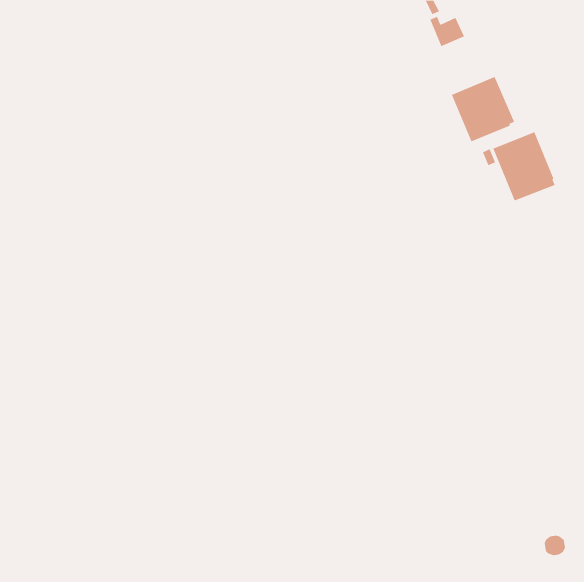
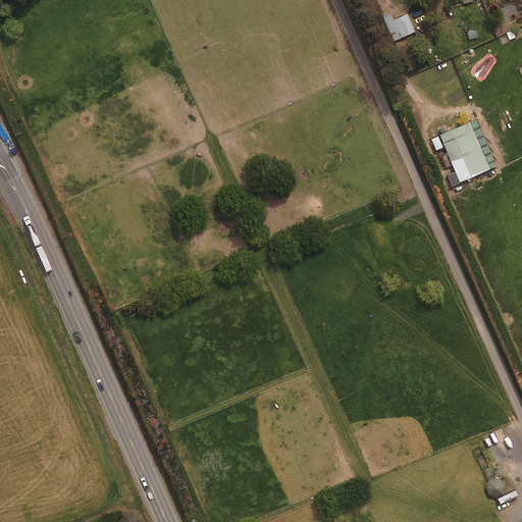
building: [451,76,515,142] -> none

